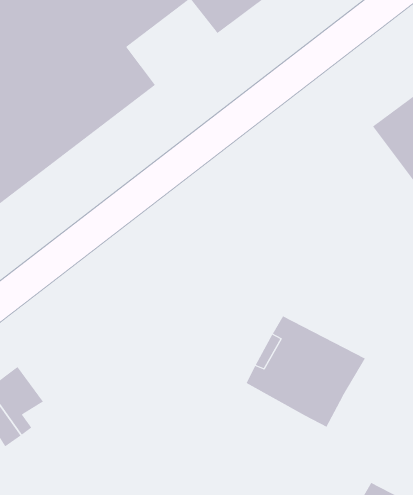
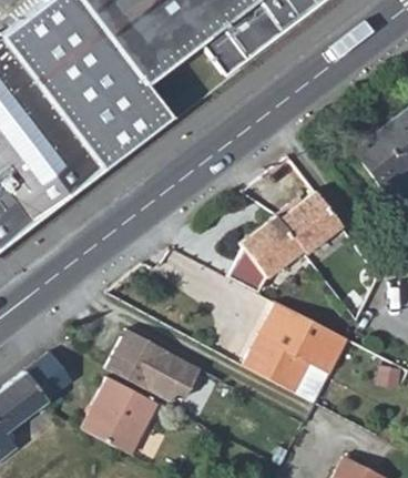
building: none -> [224,193,338,295]
building: none -> [109,327,208,401]
building: none -> [86,376,165,454]

